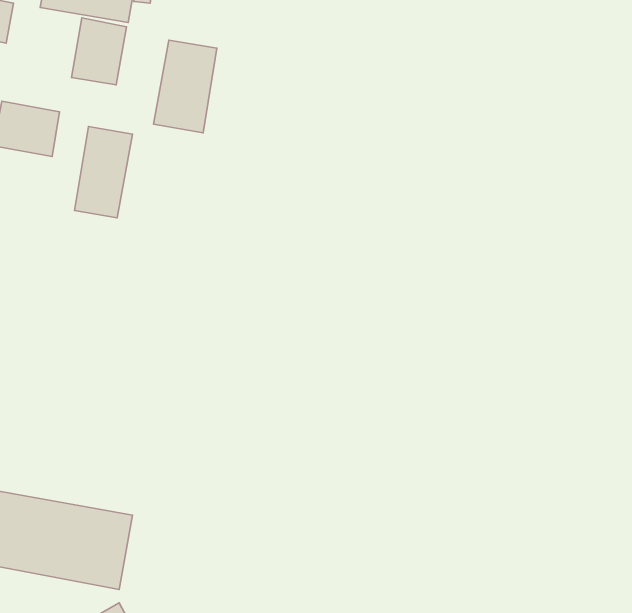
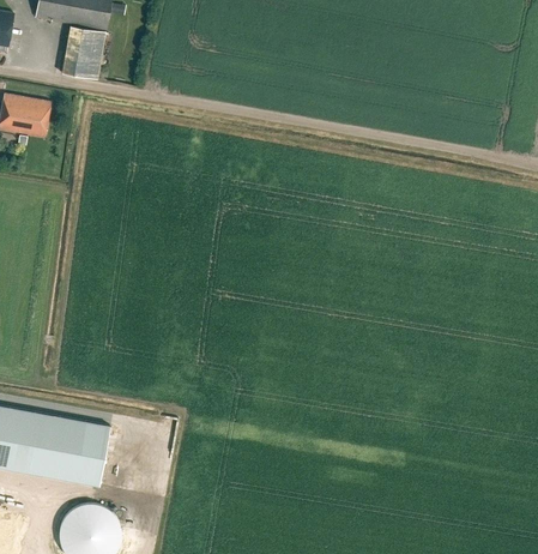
building: [154,40,217,133] -> none
building: [74,127,132,218] -> none

